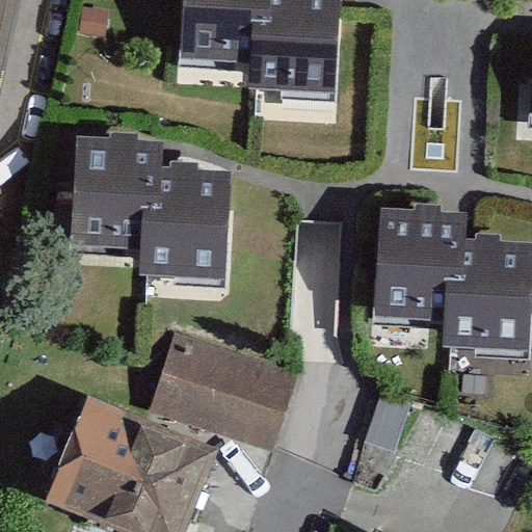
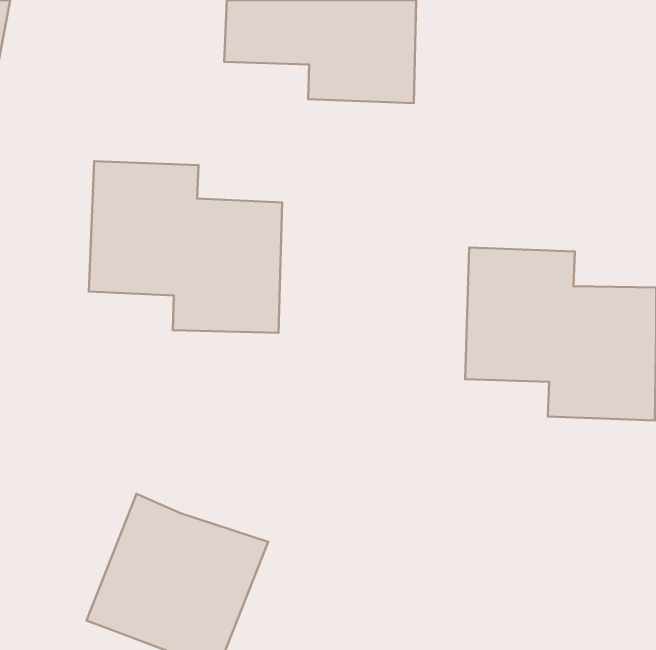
building: [145,339,296,461] -> none

